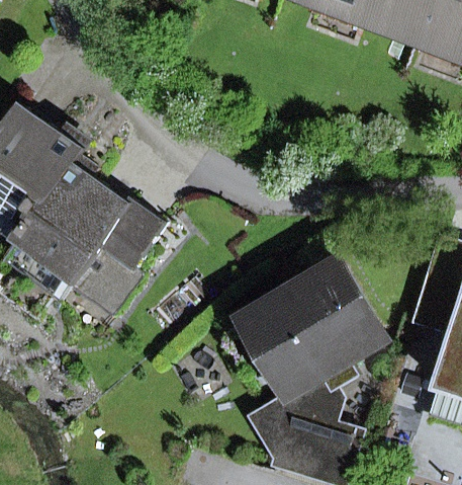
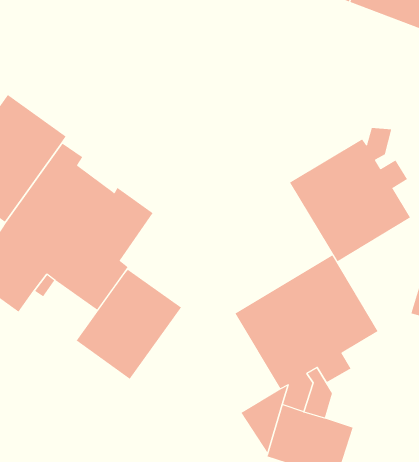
building: none -> [289,127,411,262]
building: none -> [76,269,182,379]

